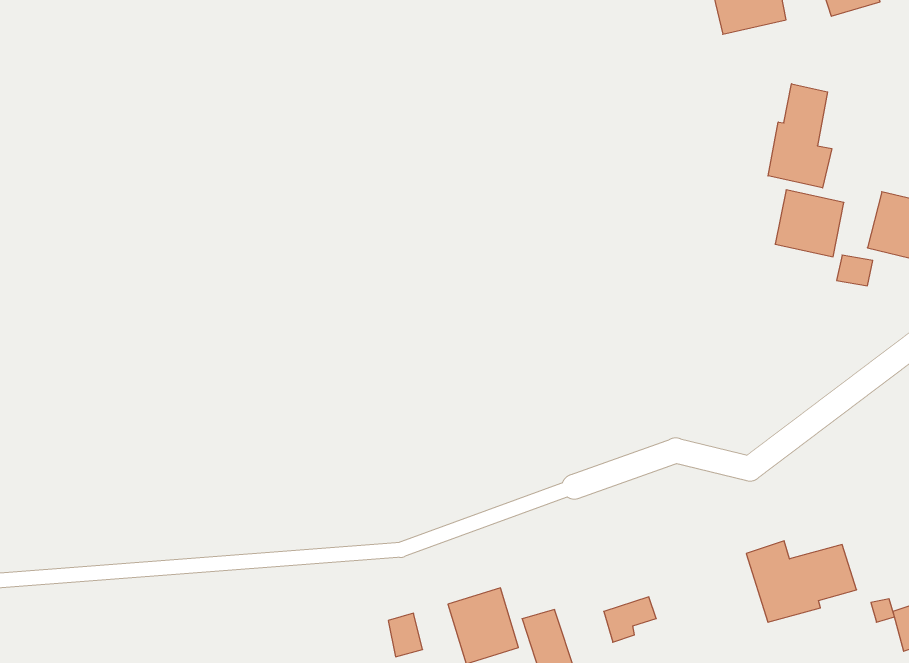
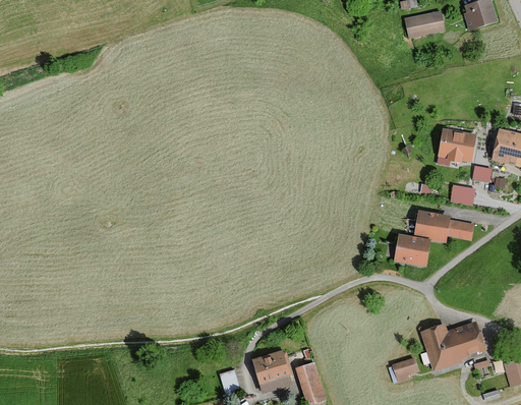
building: [768,84,832,188] -> none
building: none -> [450,183,476,205]
building: none -> [393,211,475,267]
building: [604,597,656,642] -> [393,357,422,383]

